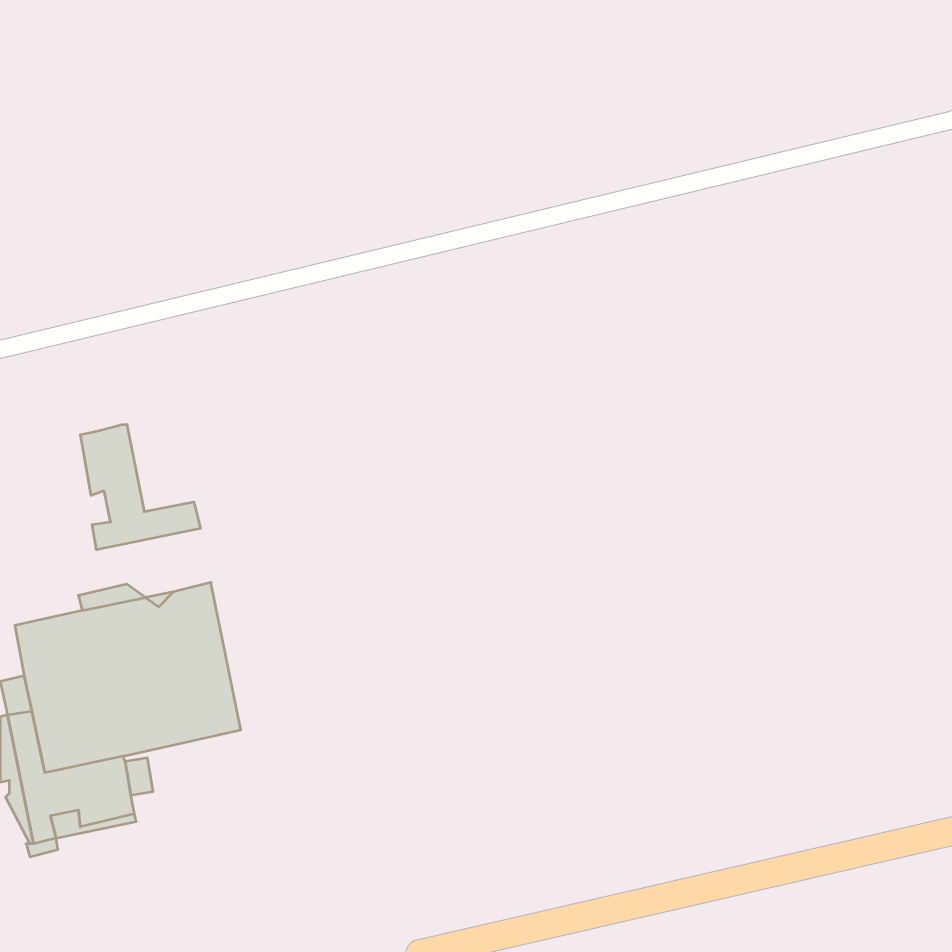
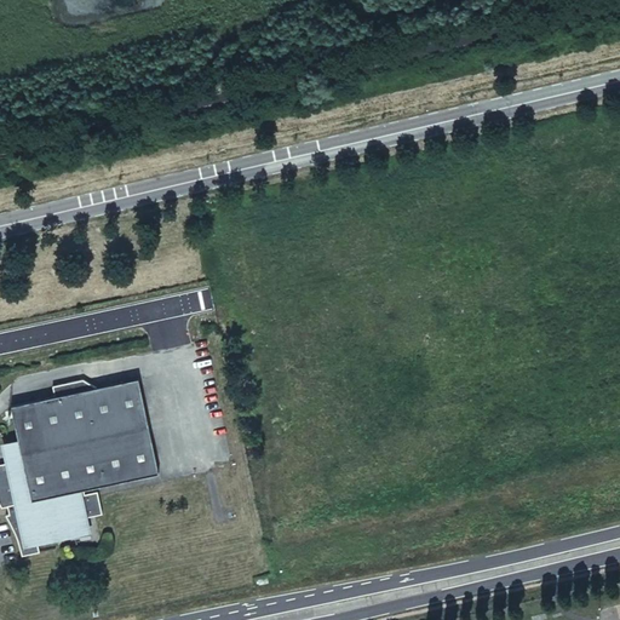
building: [80,424,200,550] -> none

